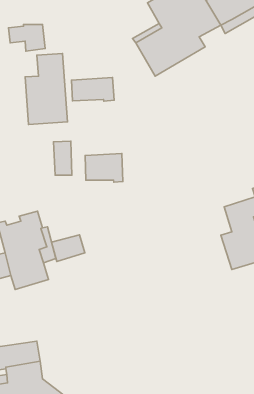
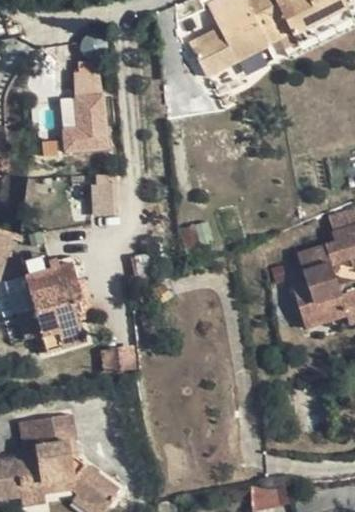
building: [71,77,114,101] -> none
building: [85,154,123,182] -> none
building: [52,235,85,261] -> none

